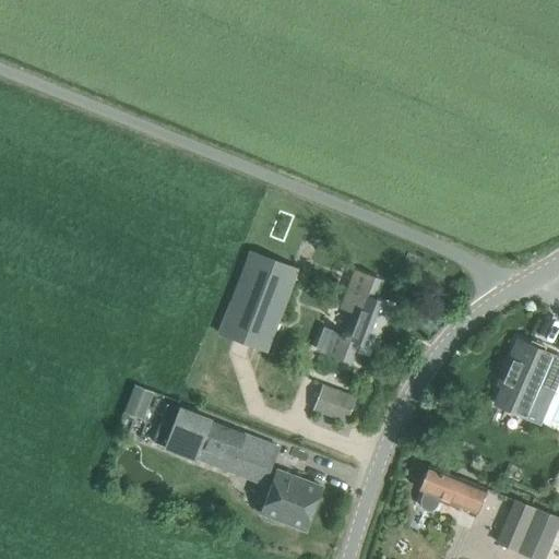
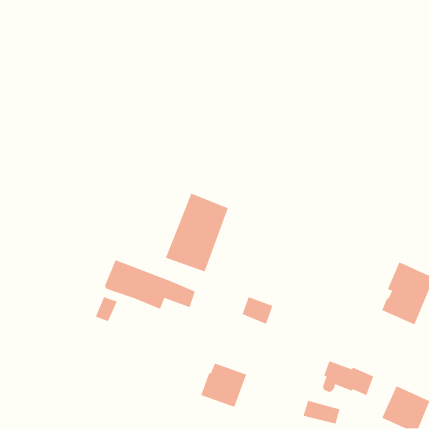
building: [320,271,391,361] -> none
building: [156,406,275,472] -> [104,259,196,310]
building: none -> [302,400,340,425]

